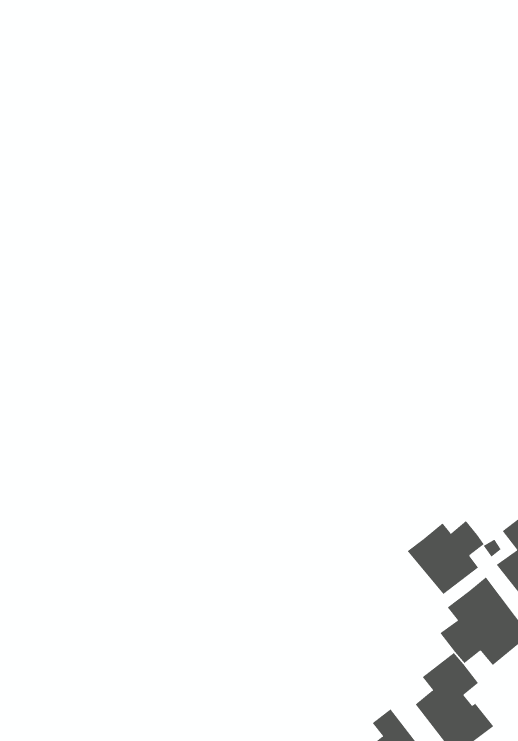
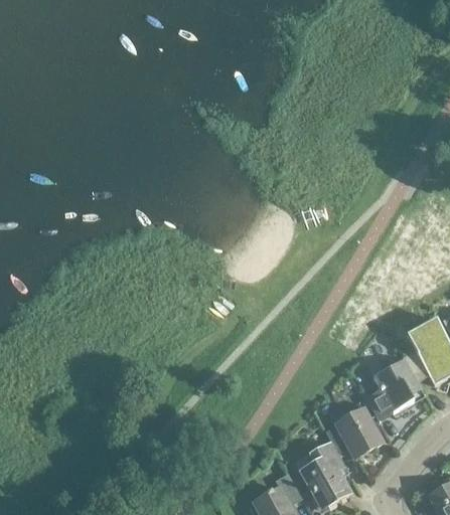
building: [407,520,484,595] -> none

